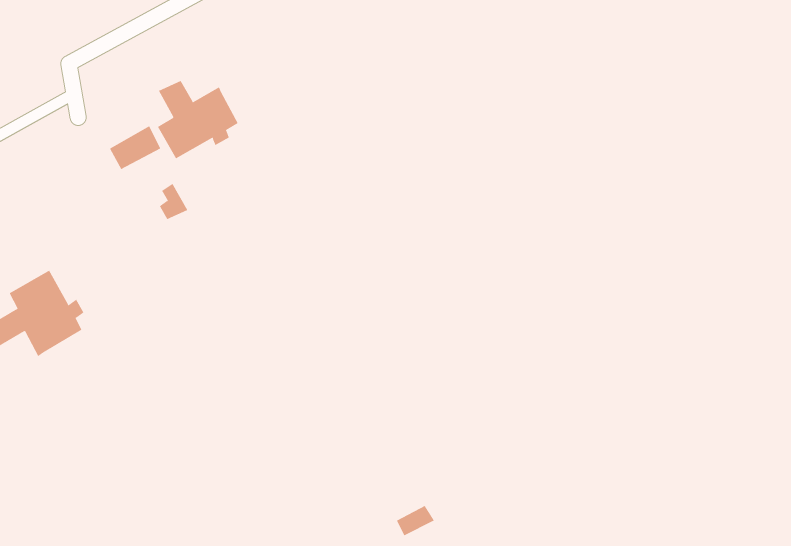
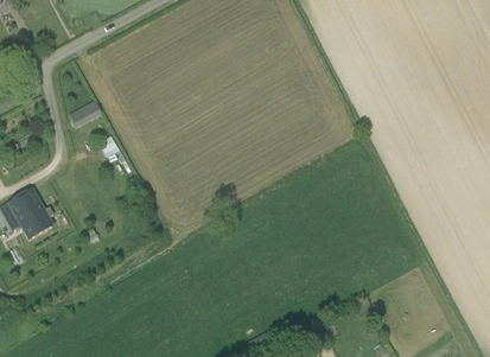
building: [157,80,238,159] -> none

